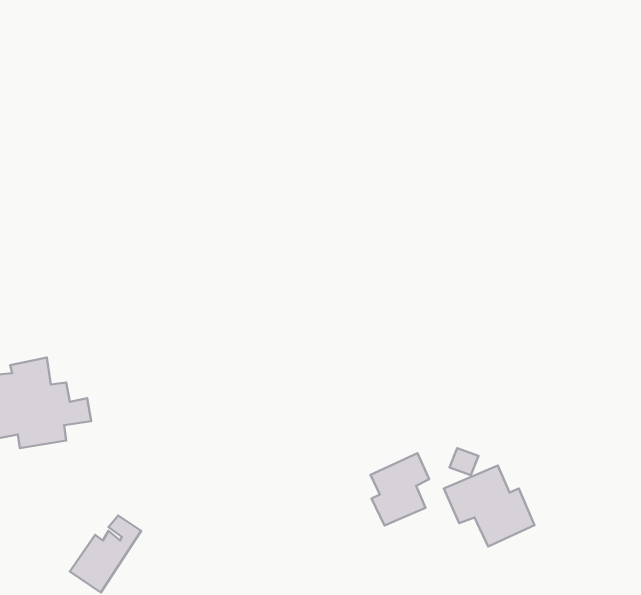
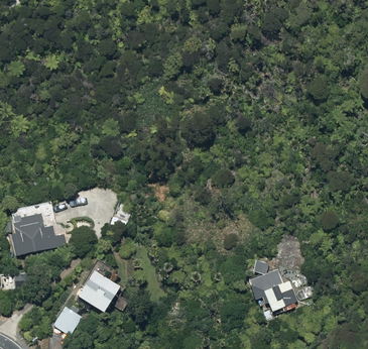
building: [371,453,429,526] -> none
building: none -> [81,267,122,310]

